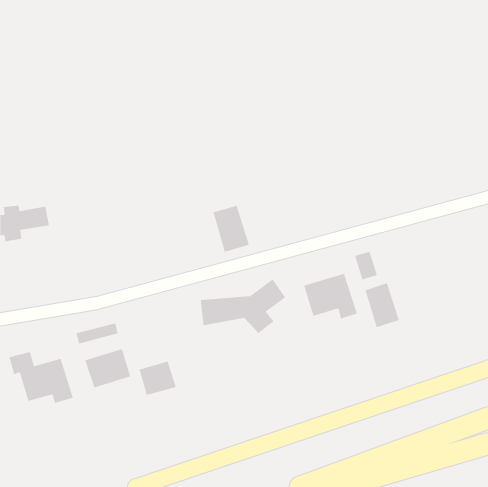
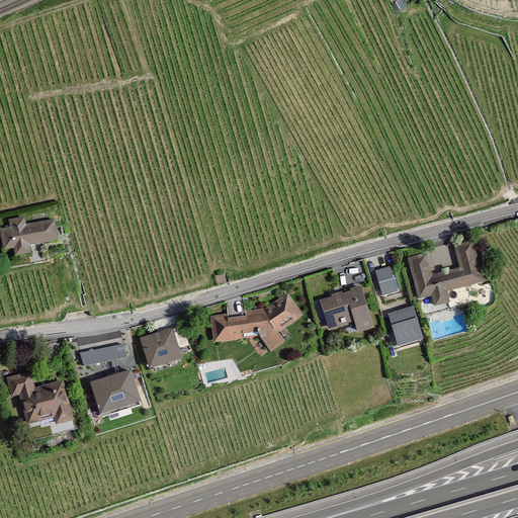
building: [212,205,250,253] -> none
building: none -> [407,240,484,305]
building: [139,361,177,396] -> [140,327,180,364]

